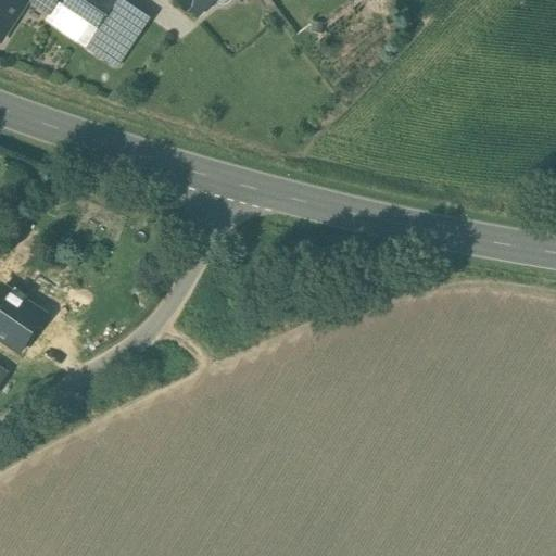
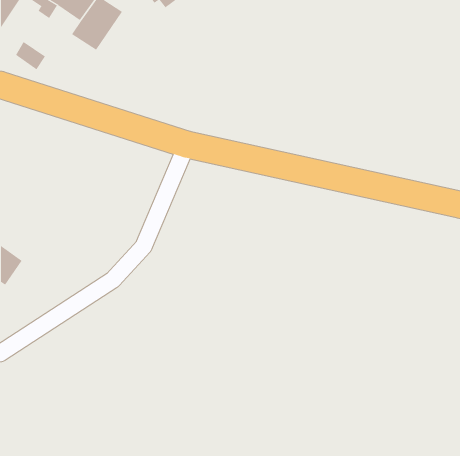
building: [61,7,98,41] -> [15,41,46,70]

